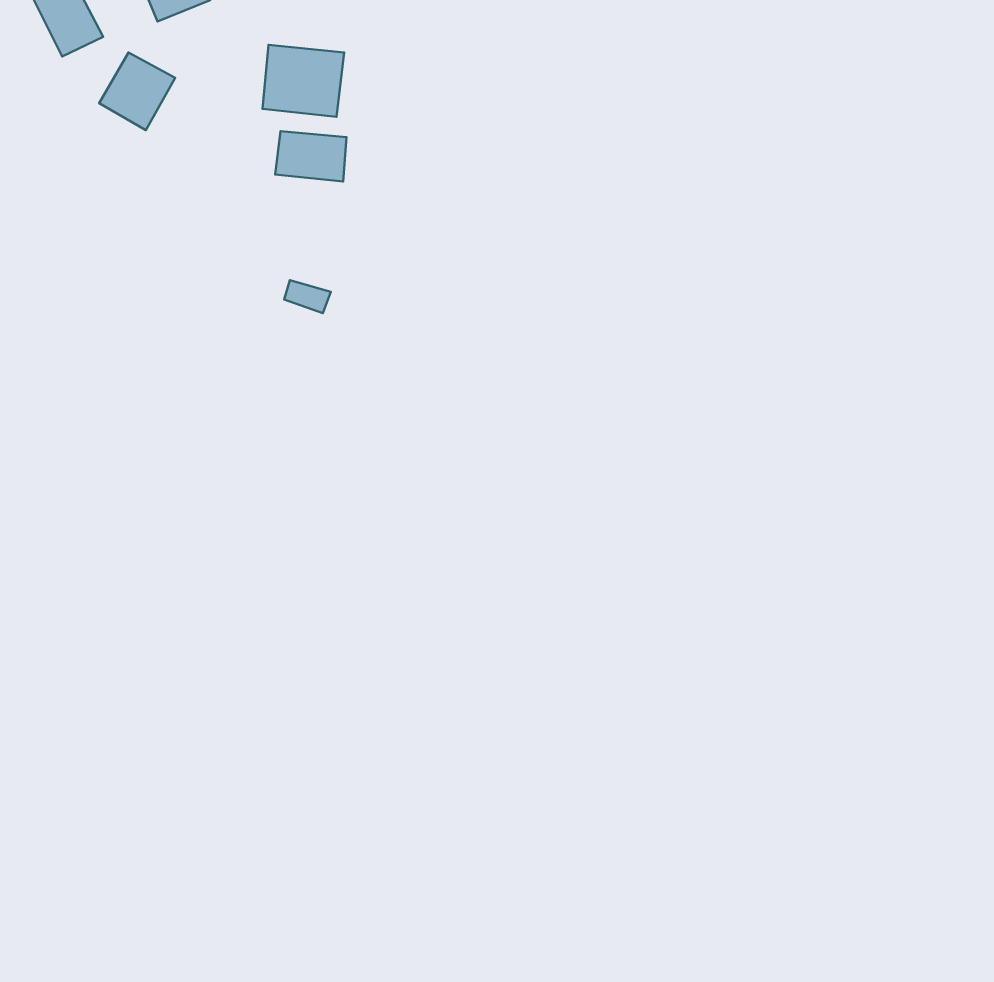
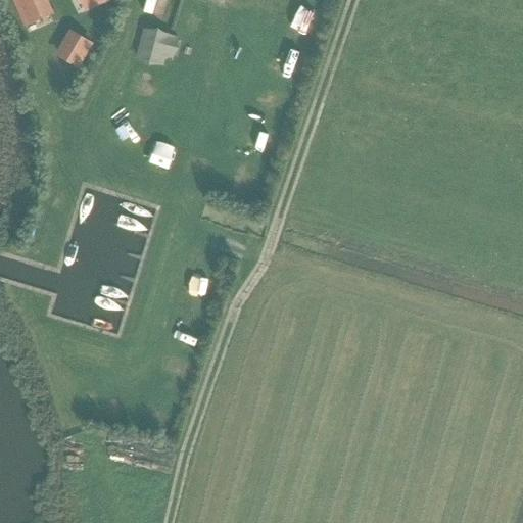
building: [275,131,346,181] -> none

